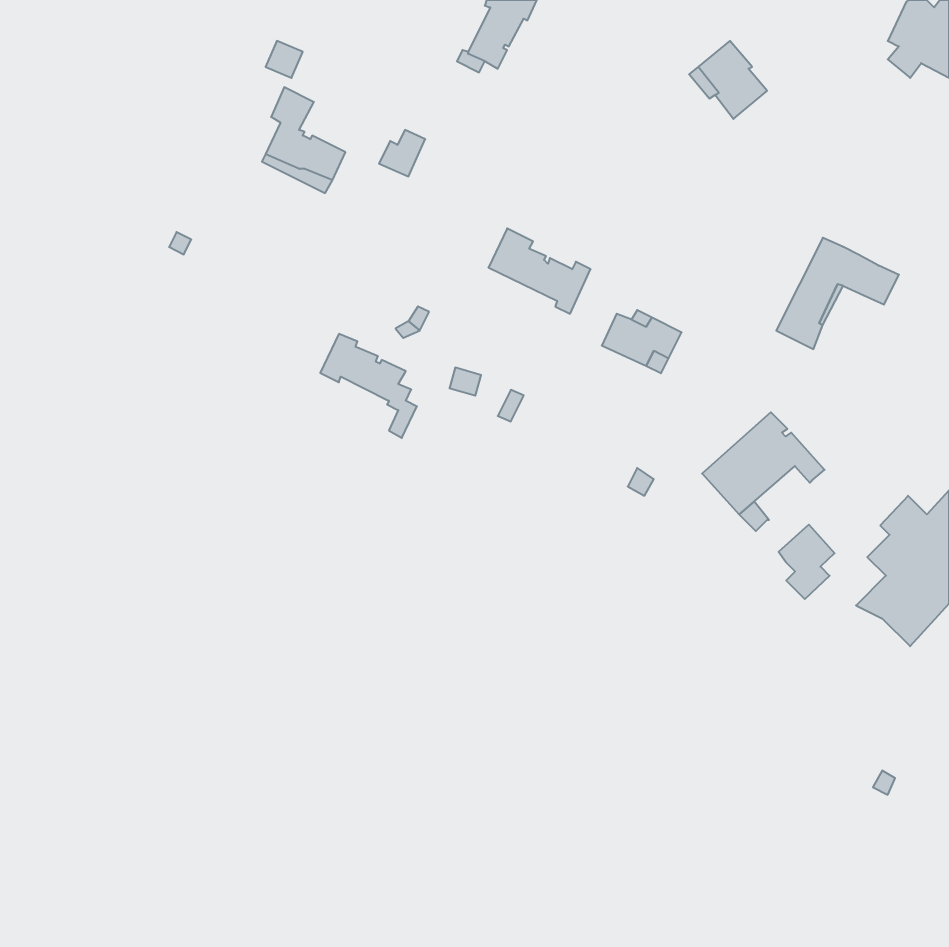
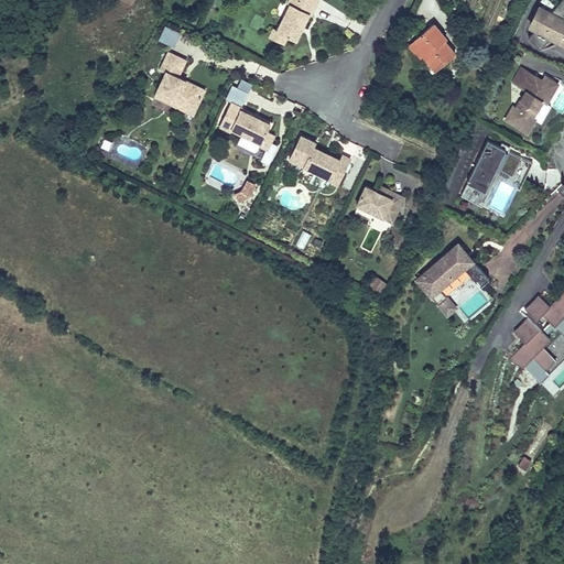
building: none -> [506,69,558,134]
building: [320,334,417,438] -> [220,104,278,165]
building: [779,525,835,599] -> none

